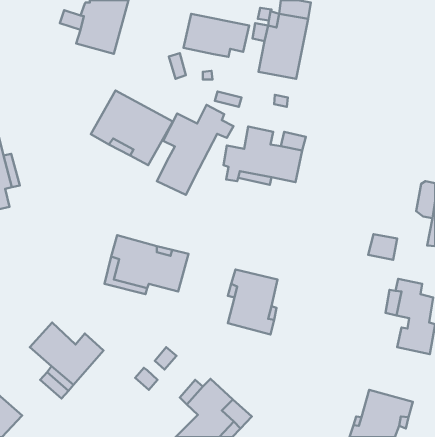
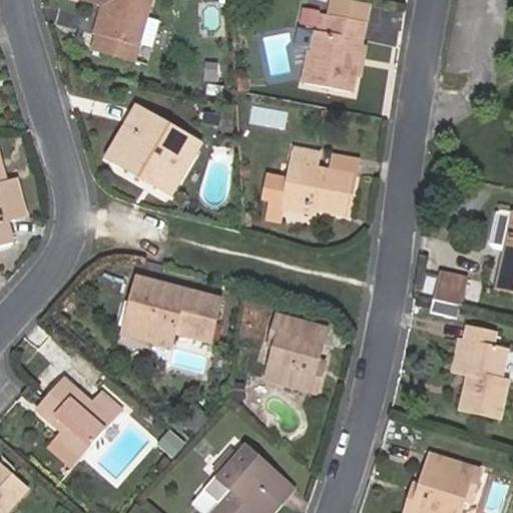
building: [184,14,249,57] -> none
building: [157,105,233,195] -> none

